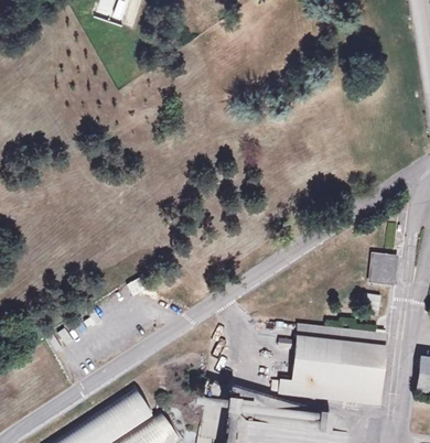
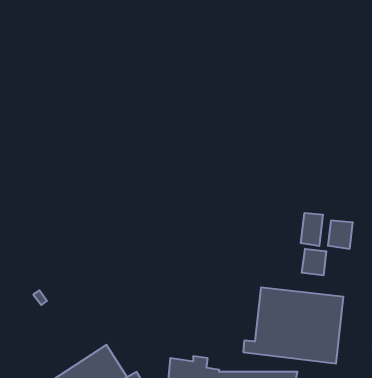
building: none -> [301,213,323,246]
building: none -> [302,249,326,275]

